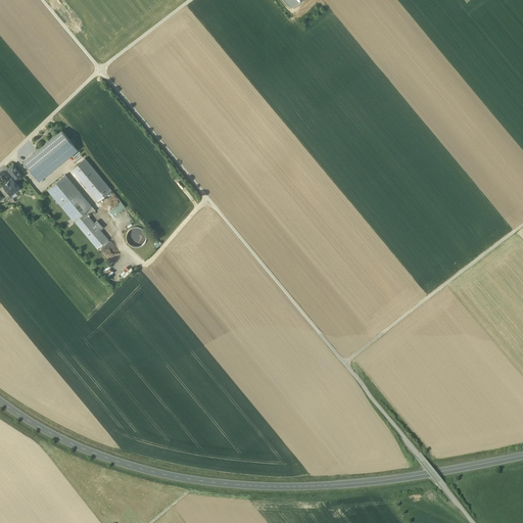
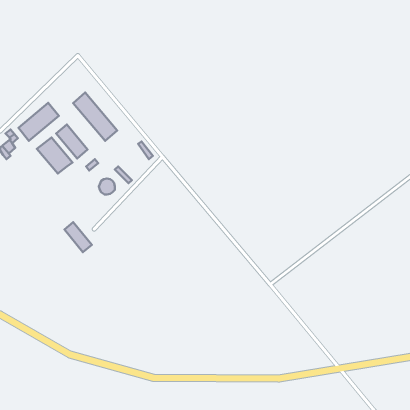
building: none -> [73,93,117,141]
building: [75,212,109,250] -> [64,222,92,252]

